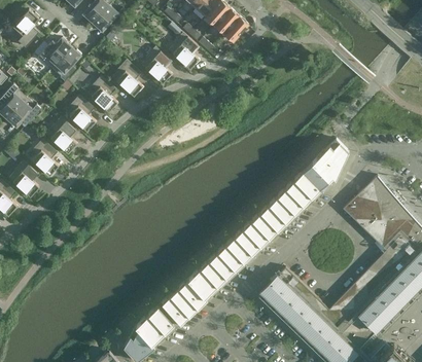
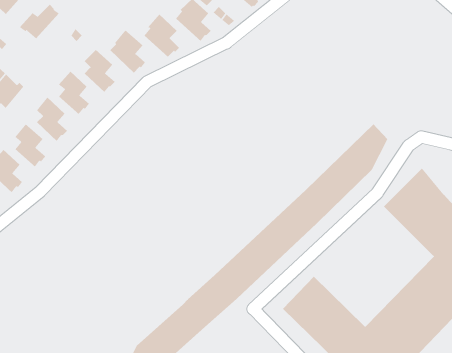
building: [50,46,80,82] -> none

